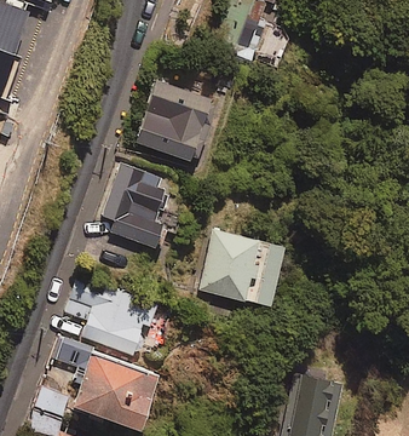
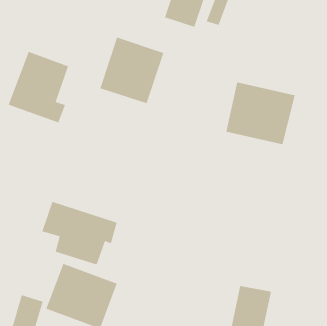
building: [98,164,171,249] -> [8,51,69,123]
building: [201,231,284,306] -> [225,82,295,145]

